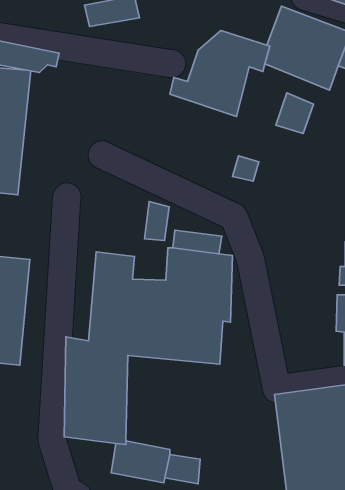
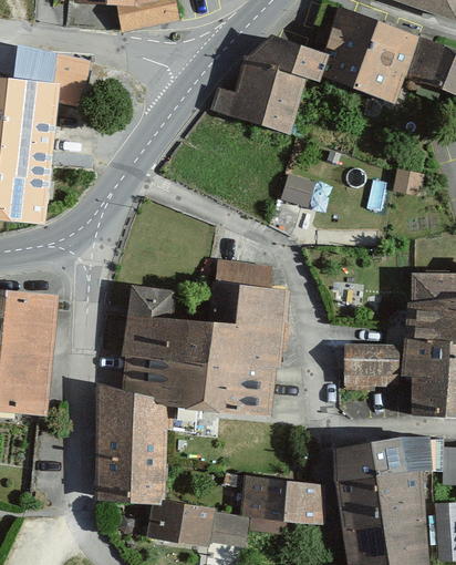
building: [276,93,314,133] -> none
building: [144,202,169,241] -> none
building: none -> [344,345,398,374]
building: none -> [241,479,327,524]

